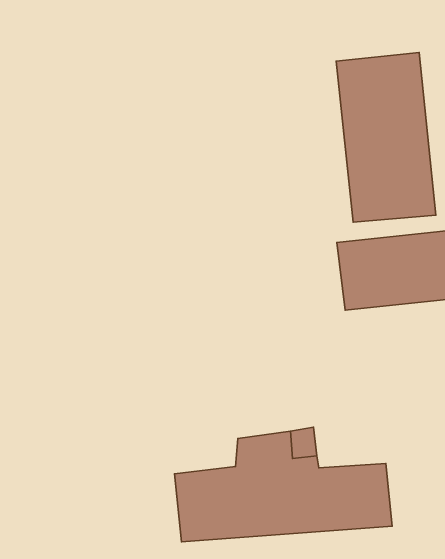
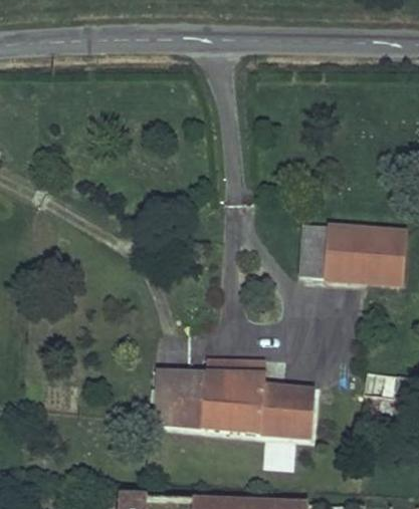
building: [336,53,436,222] -> none

